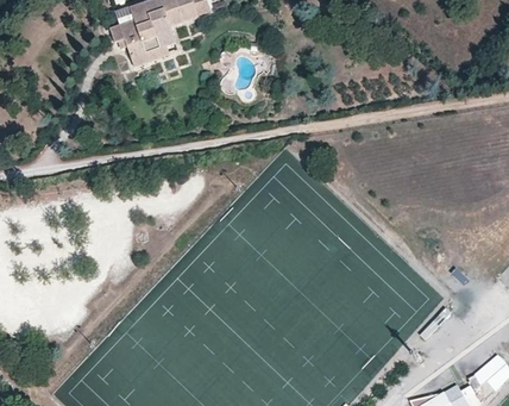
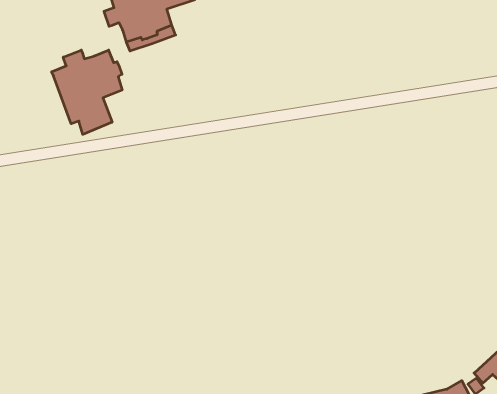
building: none -> [52,50,122,134]

